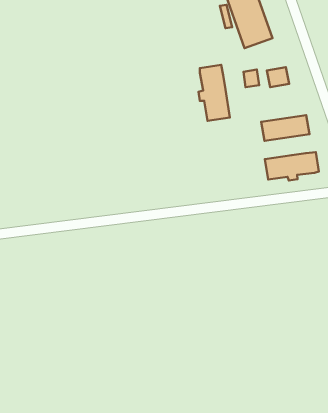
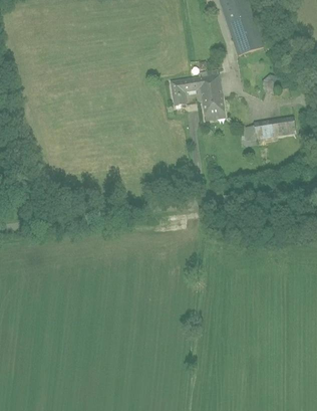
building: none -> [170,77,201,107]
building: [265,152,319,181] -> none

